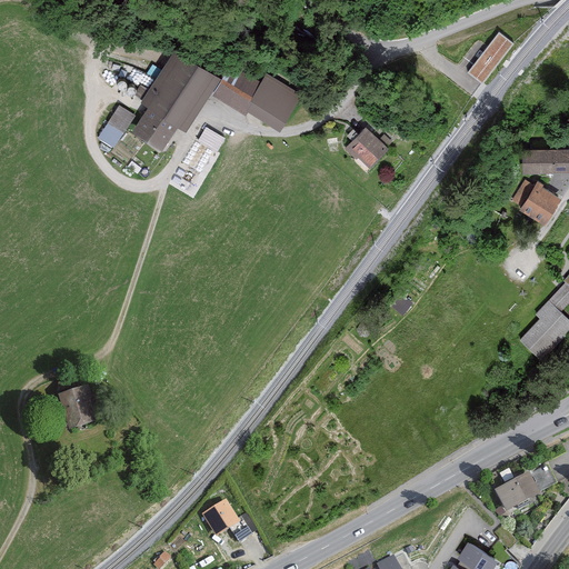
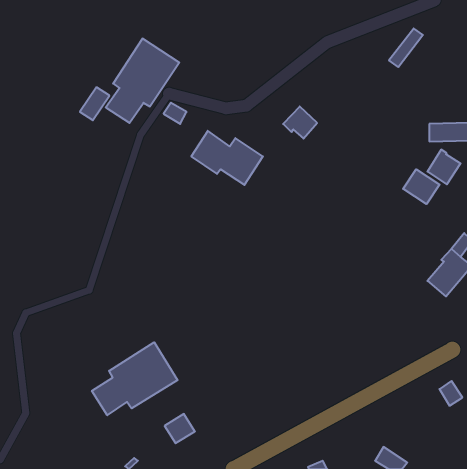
building: [213,63,300,129] -> [191,131,263,185]
building: none -> [403,169,440,204]
building: [57,386,100,431] -> none
building: none -> [92,342,178,415]
building: [493,472,539,511] -> none

